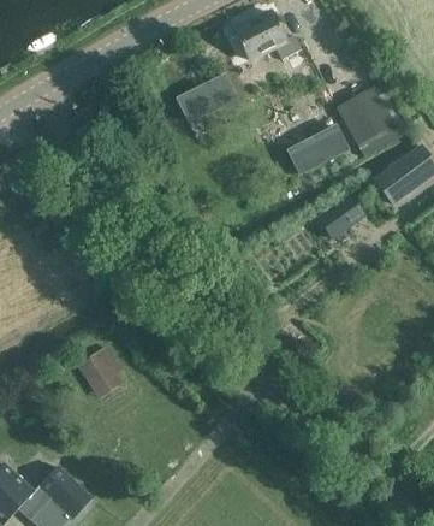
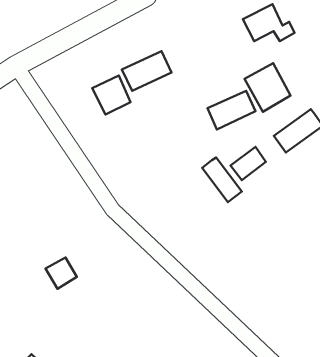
building: [233,14,301,63] -> [243,4,295,41]
building: none -> [92,76,131,114]
building: none -> [202,157,242,202]

